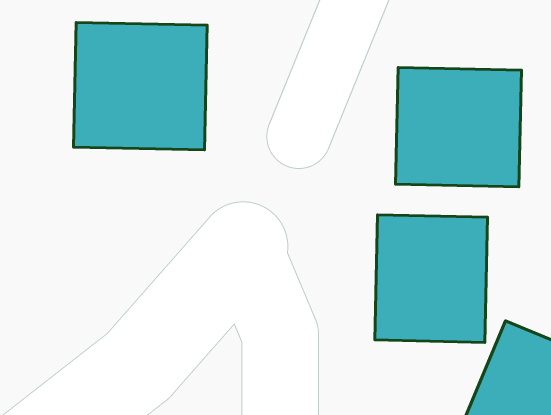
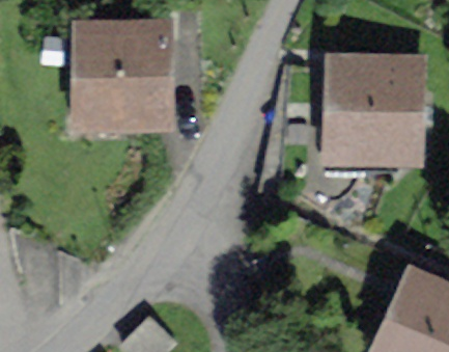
building: [375,215,487,342] -> none

